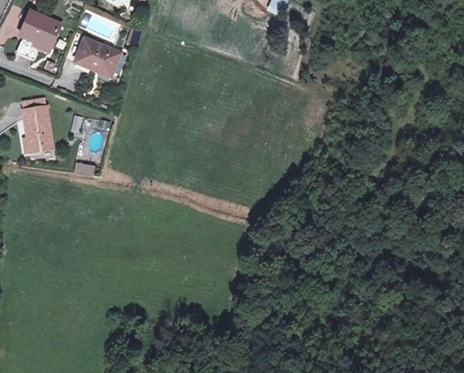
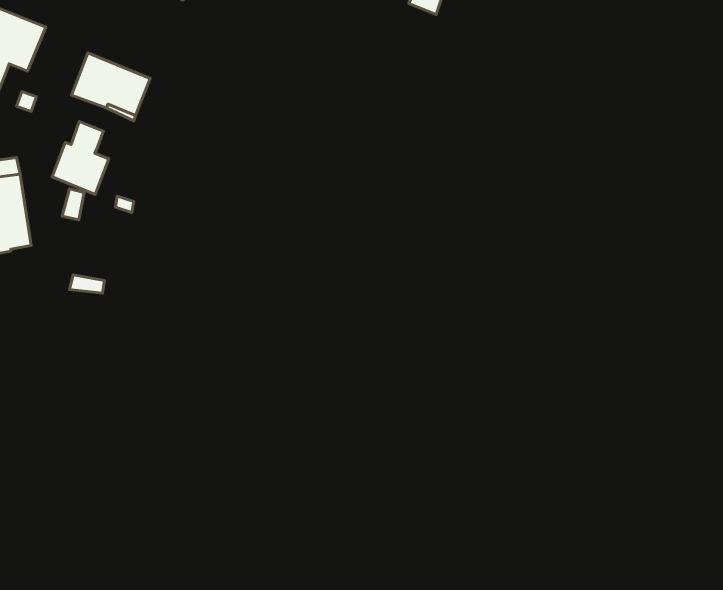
building: none -> [52,122,109,194]

